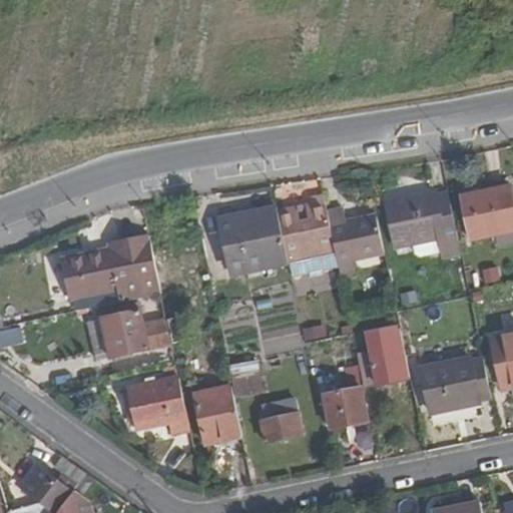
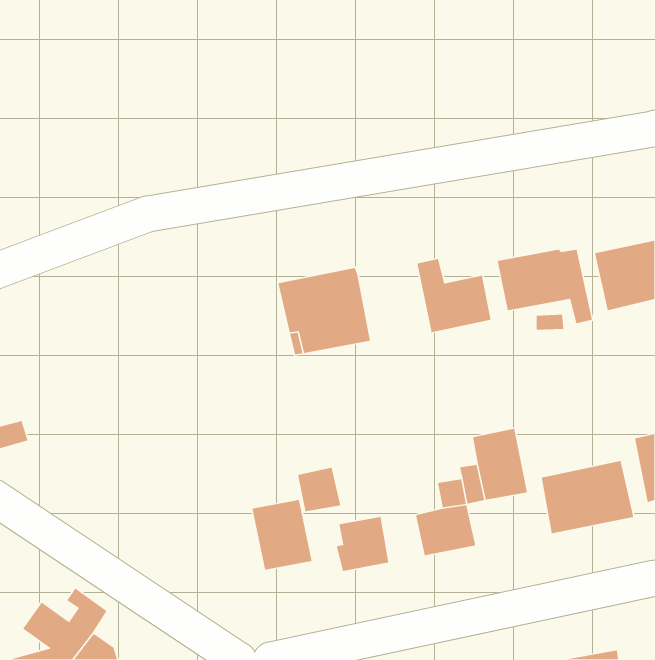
building: [277,196,333,266] -> none
building: [61,240,160,300] -> none
building: [98,307,168,357] -> none
building: [124,377,189,435] -> none

